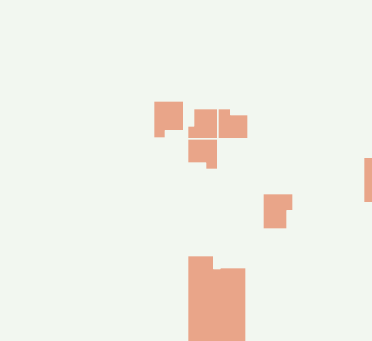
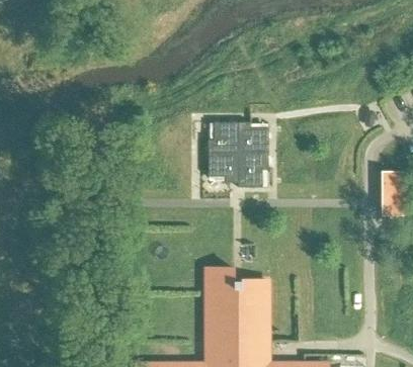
building: [153,101,184,138] -> none
building: [263,194,293,229] -> [239,153,269,188]

